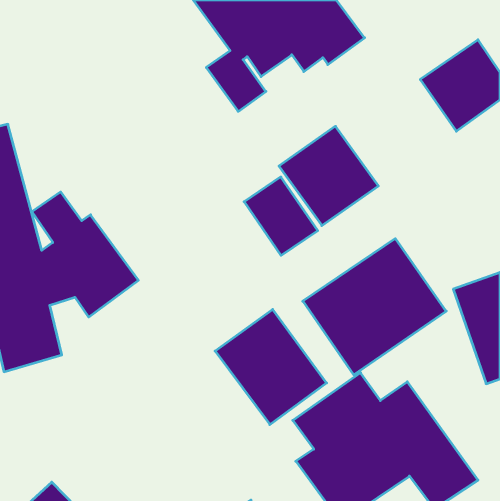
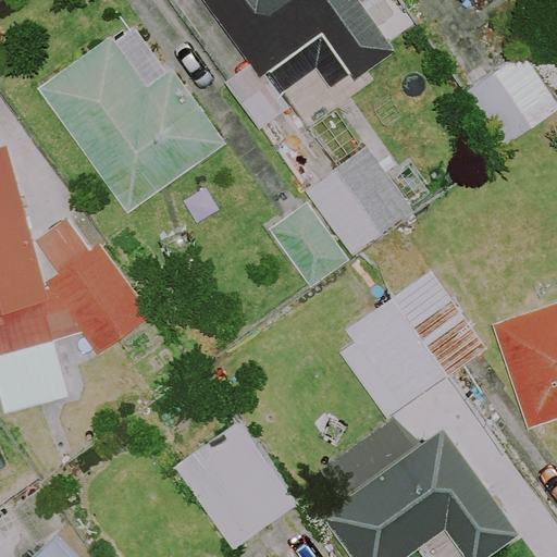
building: none -> [38,33,230,213]
building: [215,309,327,425] -> [173,423,295,549]

